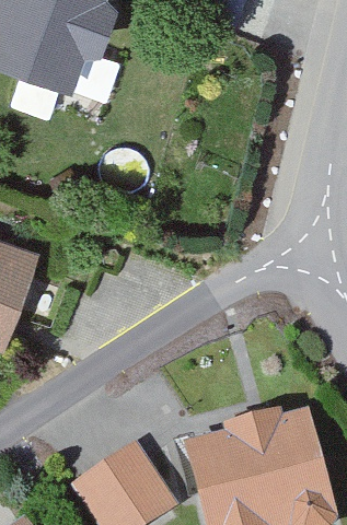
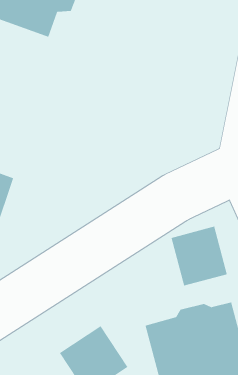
building: none -> [170,226,228,287]

